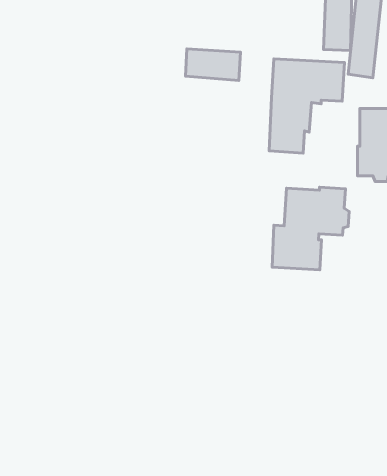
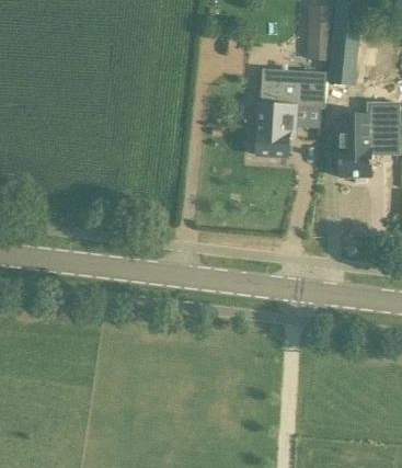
building: [185,49,241,81] -> none
building: [272,187,349,270] -> none

